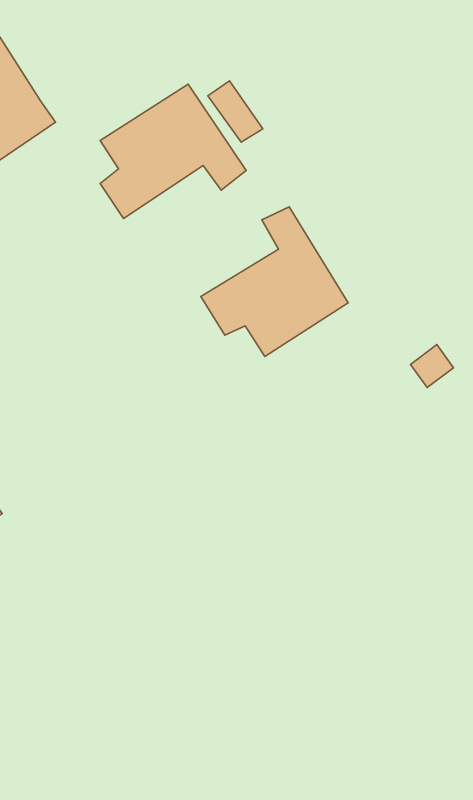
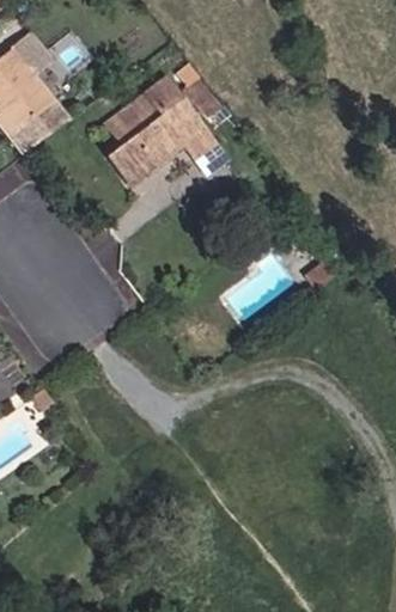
building: [201,207,348,356] -> none

